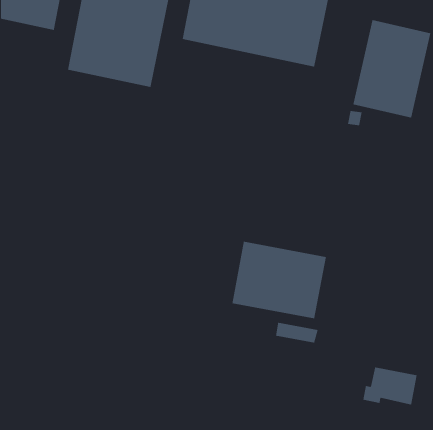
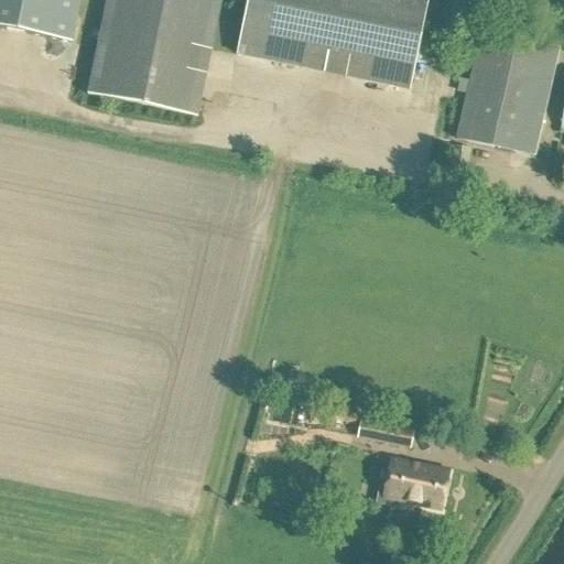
building: [232,241,326,319] -> none
building: [362,367,418,405] -> [377,457,448,507]

